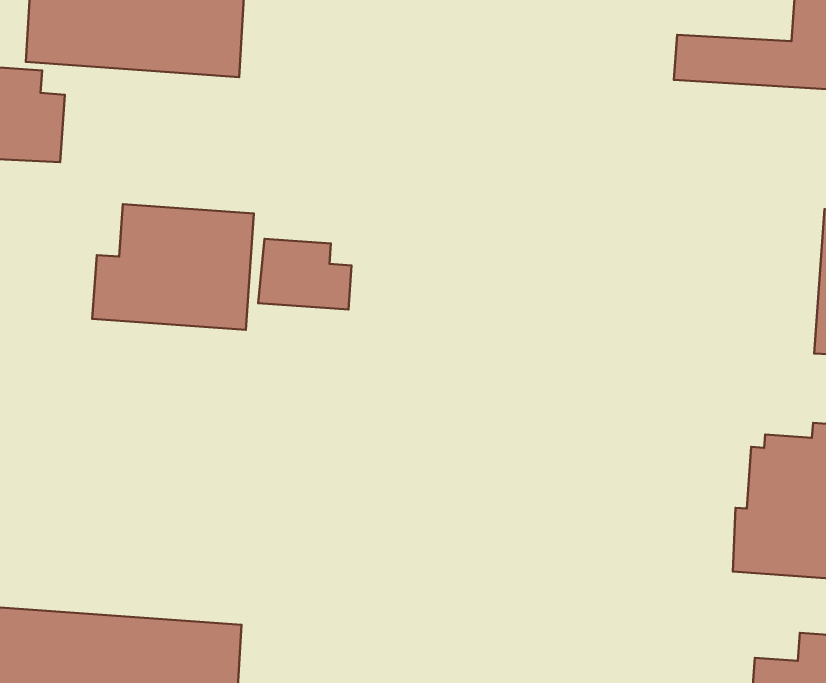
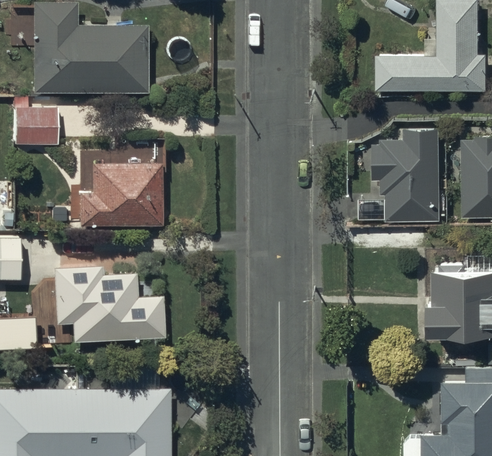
building: none -> [373,131,439,221]
building: [258,239,352,310] -> none
building: none -> [54,269,163,344]

